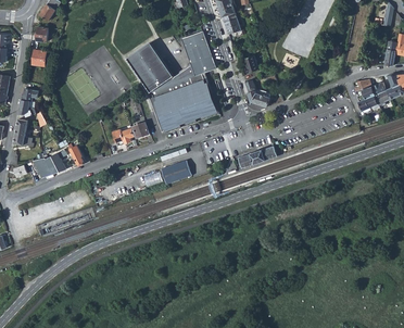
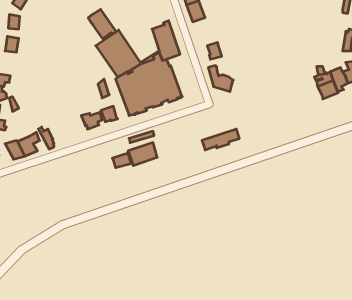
building: none -> [88,9,116,39]

